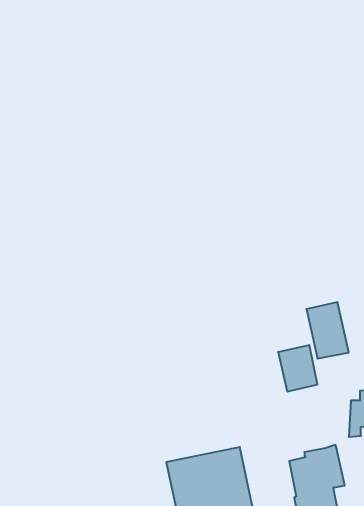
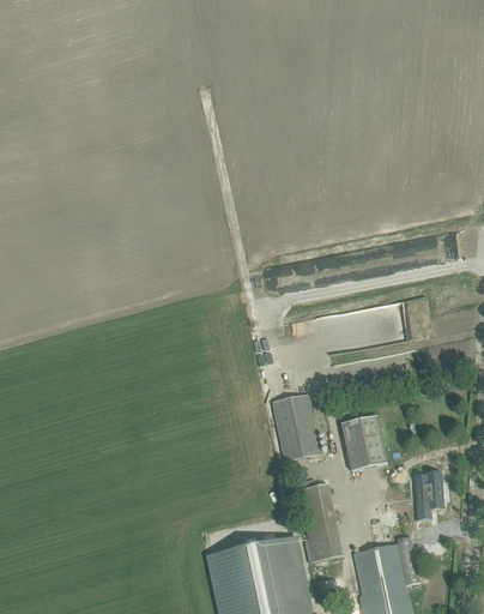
building: [306,302,349,359] -> [270,395,320,462]
building: none -> [296,484,341,562]

